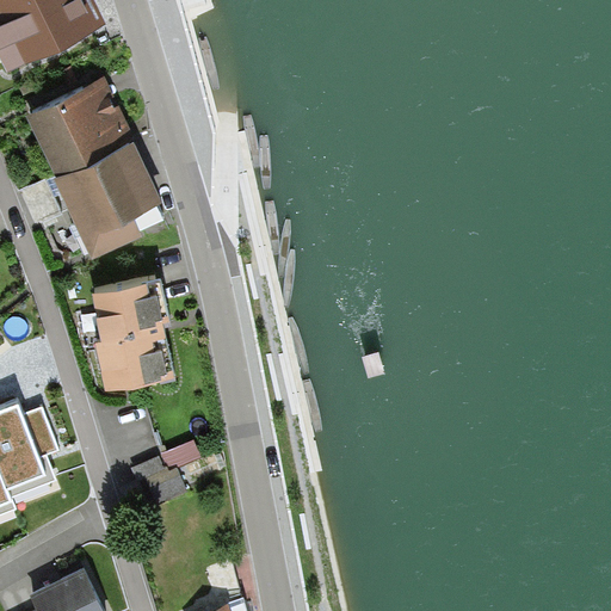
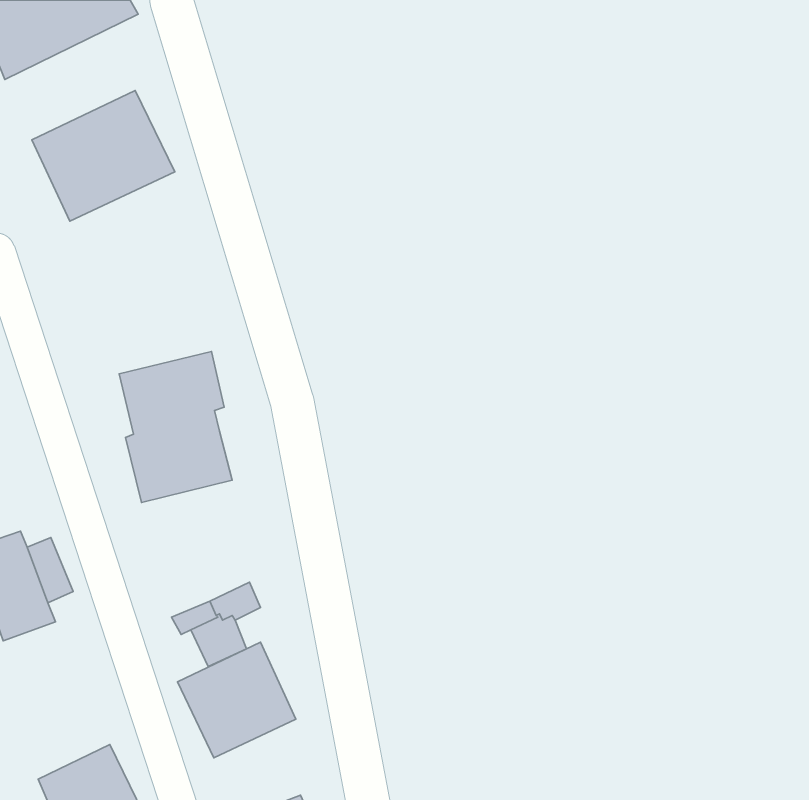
building: [50,138,165,257] -> none
building: none -> [177,642,296,758]

